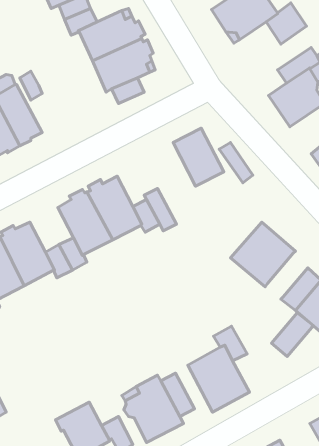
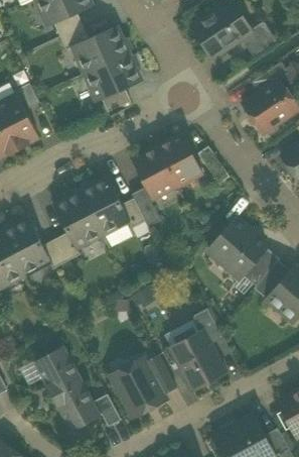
building: none -> [134,147,177,199]
building: [271,313,313,357] -> [242,247,279,287]
building: none -> [34,346,82,397]

